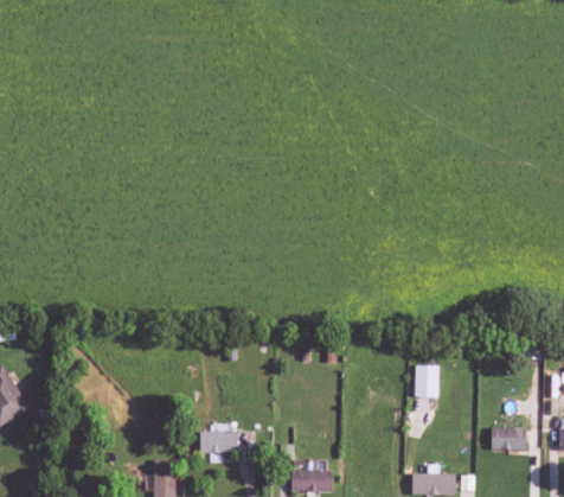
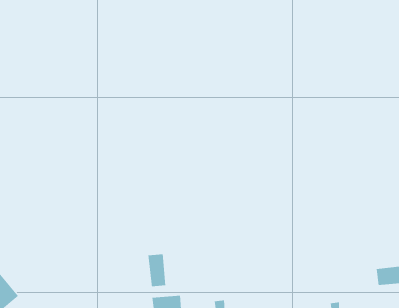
building: [414,367,438,397] -> none
building: none -> [148,254,166,287]

